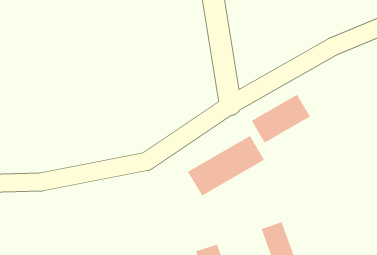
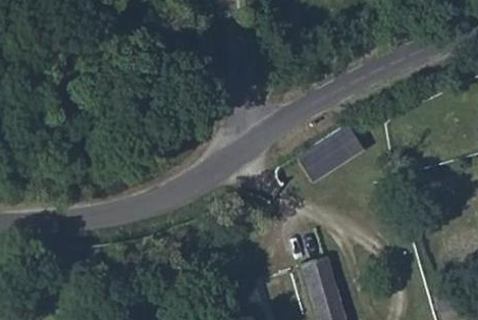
building: [187,135,265,196] -> none

